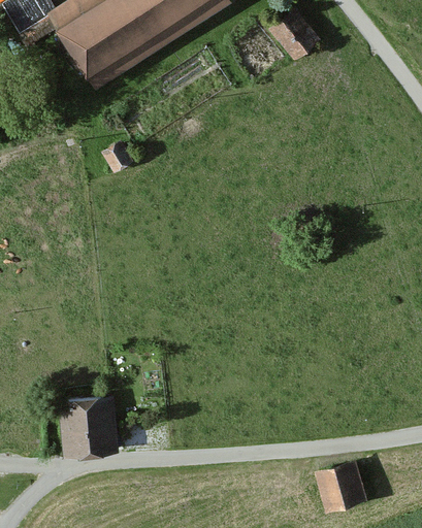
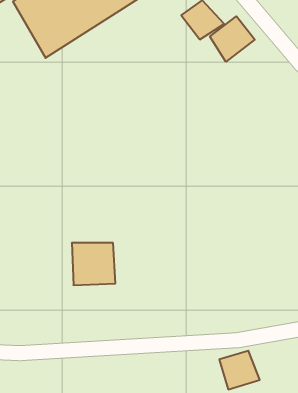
building: none -> [210,16,255,62]
building: [59,403,115,457] -> [72,243,115,285]

